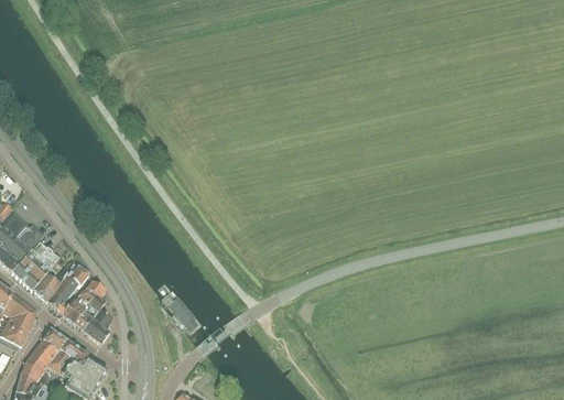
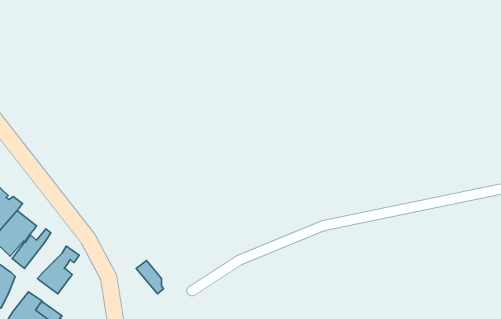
building: [46,264,88,314] -> none
building: [83,293,112,344] -> none

